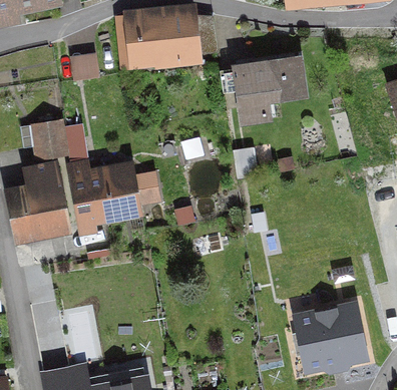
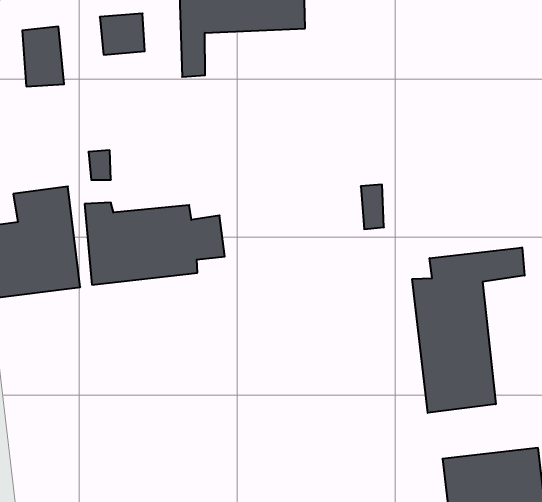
building: [235,60,302,121] -> none
building: [35,121,63,159] -> [22,27,64,86]
building: none -> [412,247,525,413]

